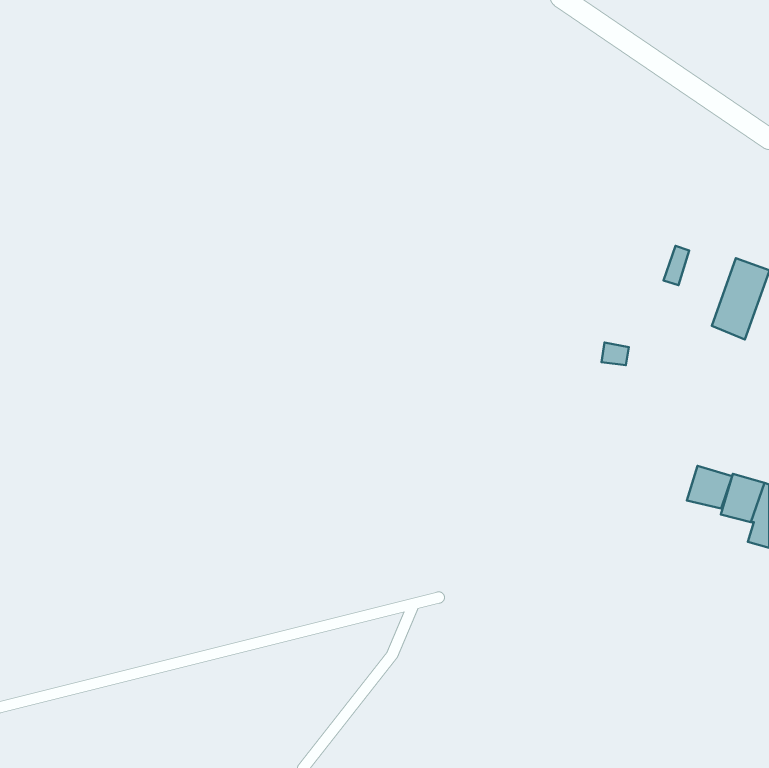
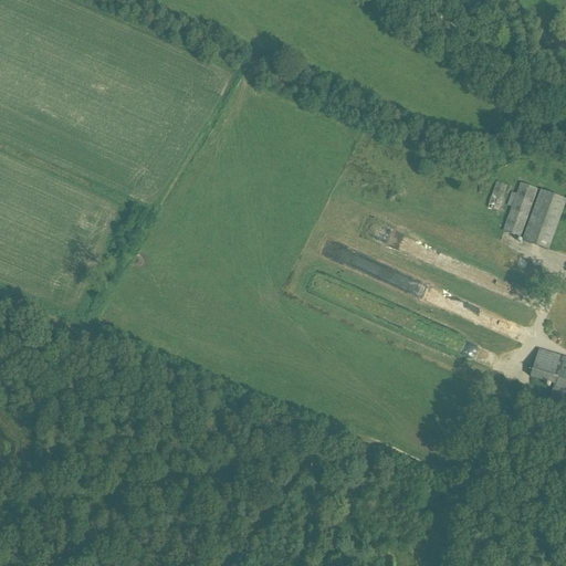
building: none -> [503,182,535,237]
building: [687,466,732,509] -> none

